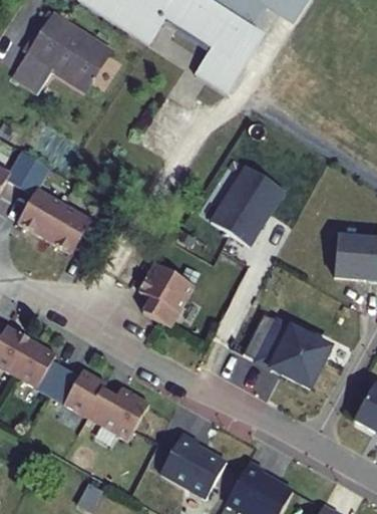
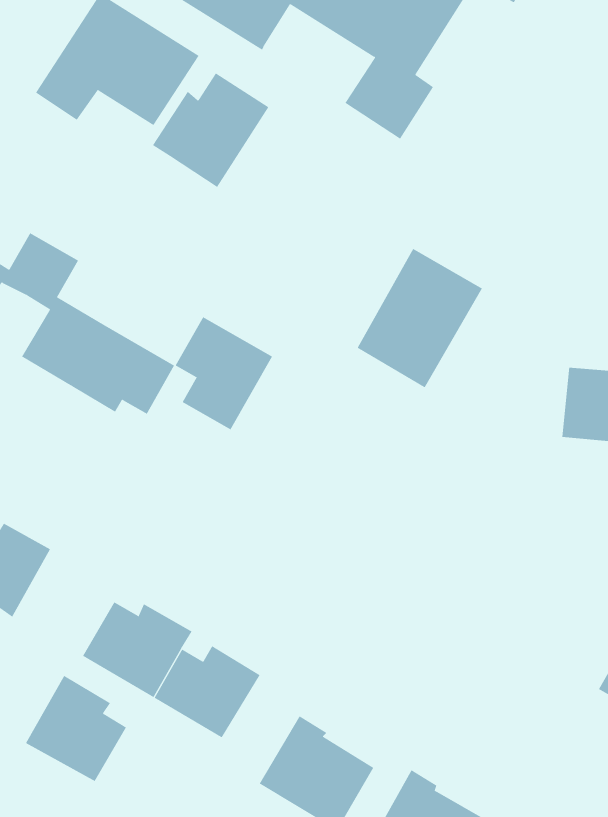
building: none -> [152,72,269,188]
building: [140,264,197,329] -> [175,316,273,430]
building: [251,316,324,383] -> none
building: [13,336,71,398] -> [25,675,127,782]

